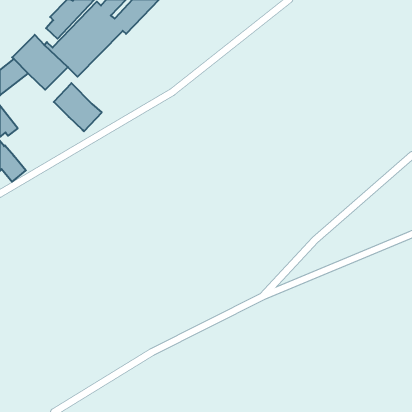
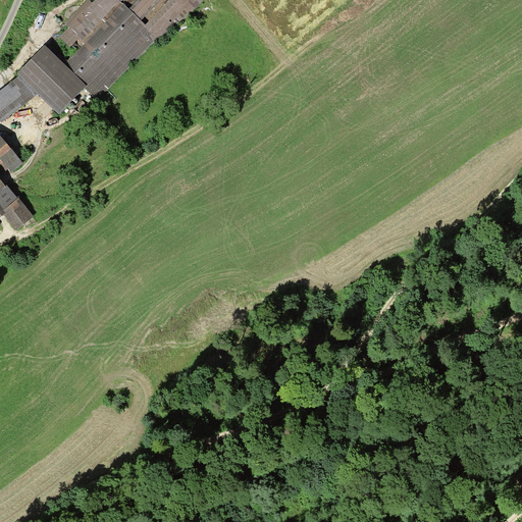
building: [54,83,102,131] -> none

